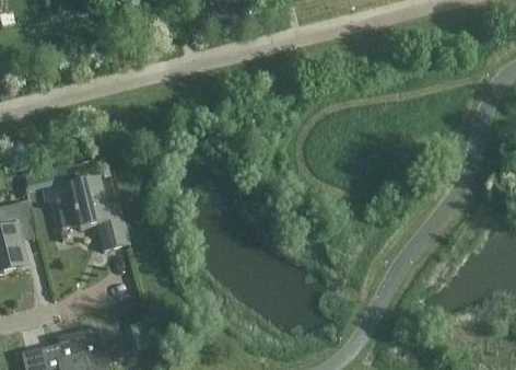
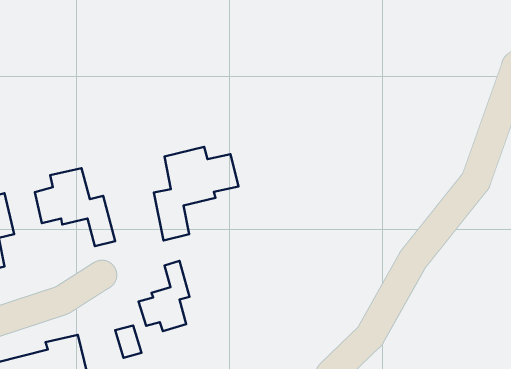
building: none -> [154,147,238,240]
building: none -> [139,261,190,331]

